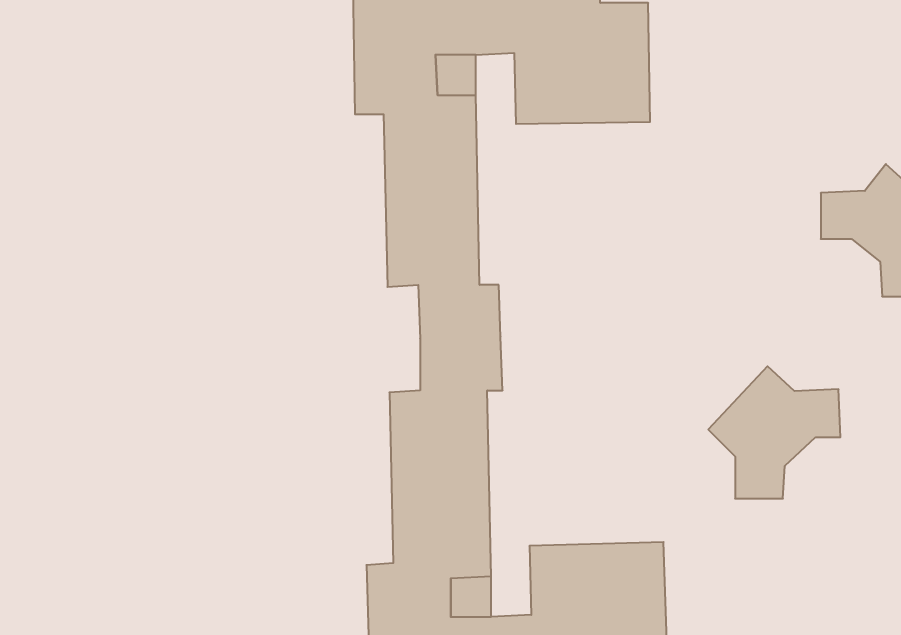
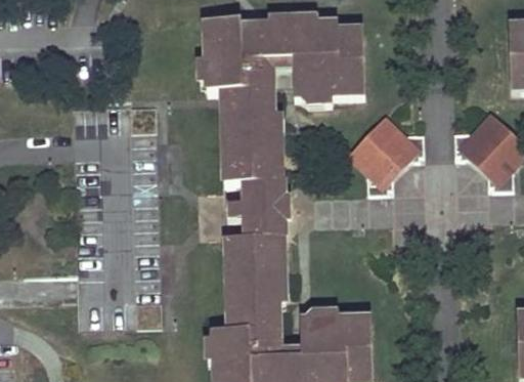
building: [708,366,840,499] -> [353,118,424,188]

